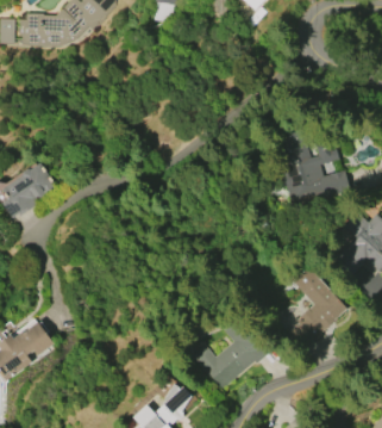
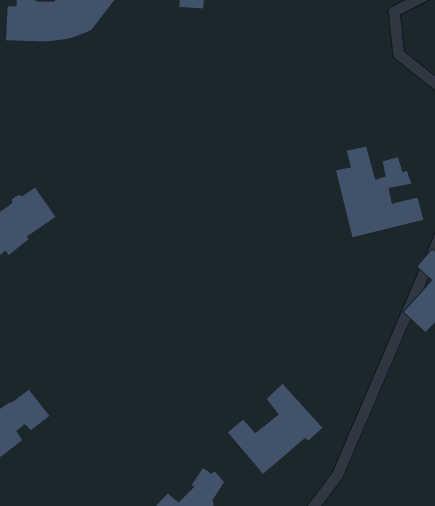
building: [288,268,347,351] -> none

